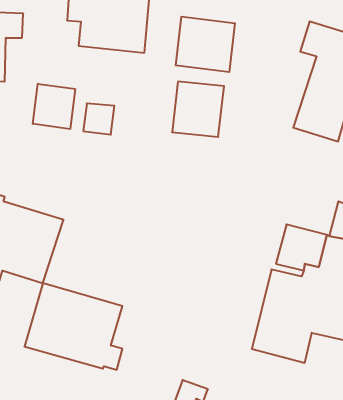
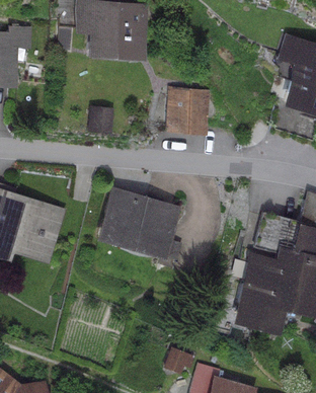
building: [176,17,235,72] -> none
building: [33,84,75,129] -> none
building: [24,283,122,370] -> [96,185,182,261]

